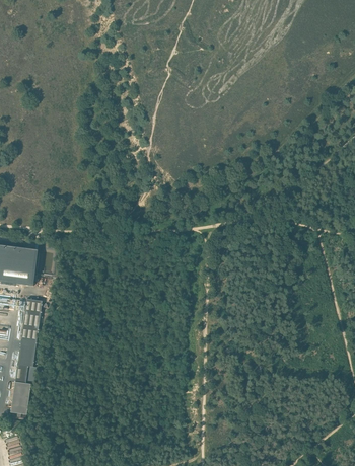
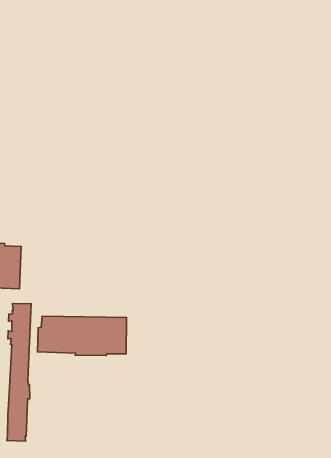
building: none -> [38,316,127,356]

